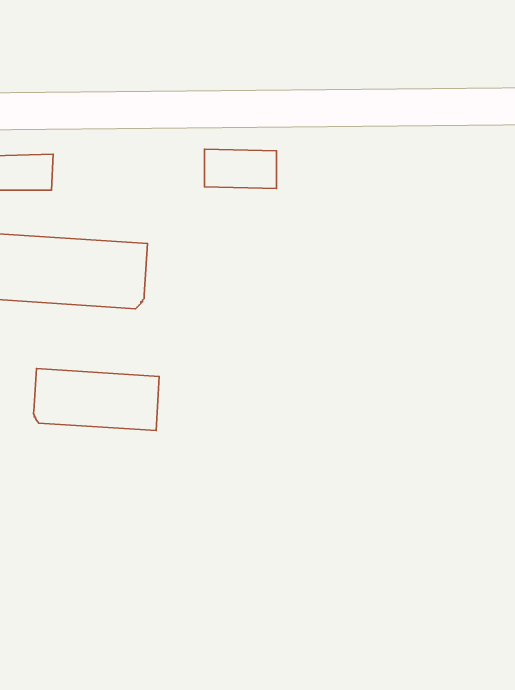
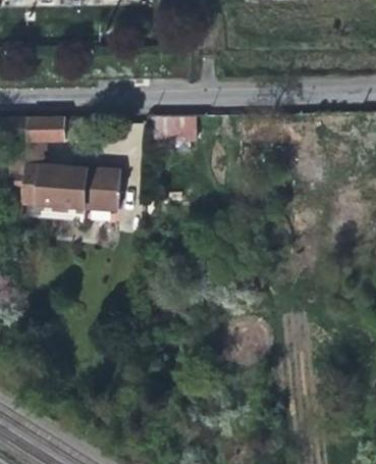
building: [33,369,159,431] -> none

